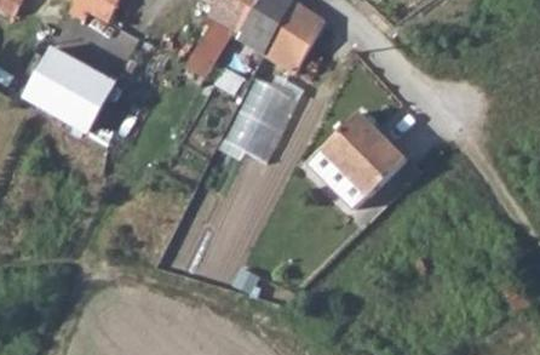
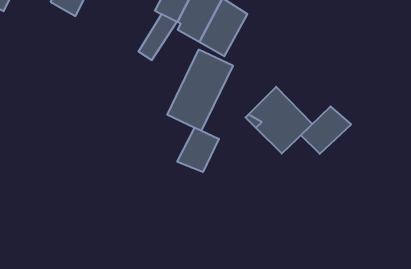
building: [24,47,115,130] -> none
building: none -> [301,106,351,154]
building: none -> [177,128,219,172]

